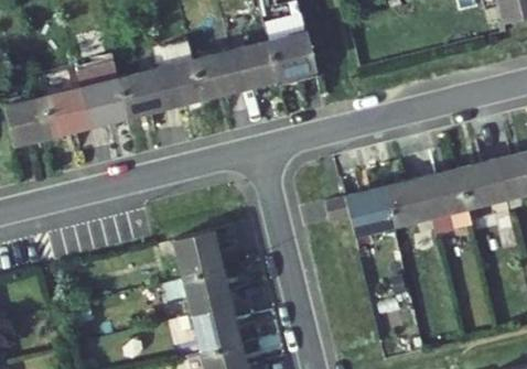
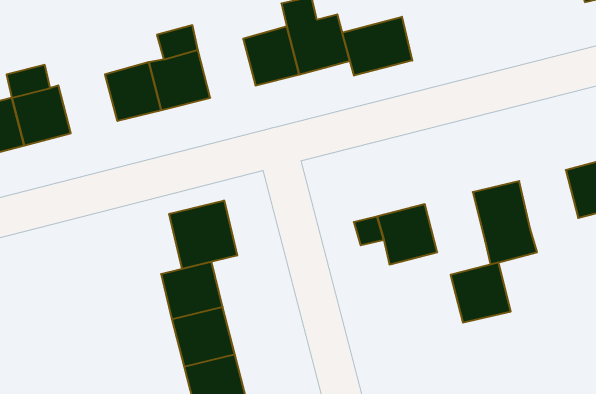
building: none -> [342,17,412,76]
building: [201,52,247,99] -> none
building: [83,59,136,128] -> none
building: [460,158,507,205] -> none
building: [384,175,432,224] -> [451,262,511,323]
building: none -> [169,200,237,269]

